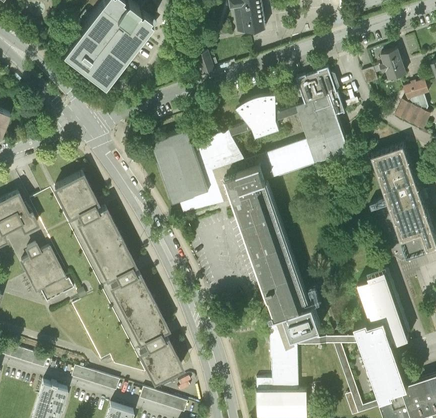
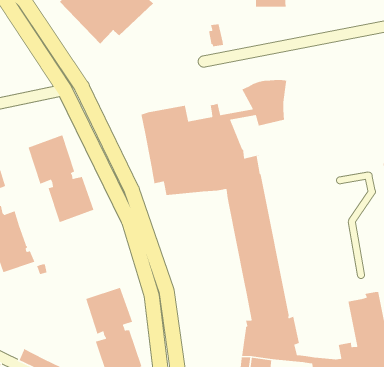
building: [245,67,350,181] -> none
building: [90,235,153,315] -> none

